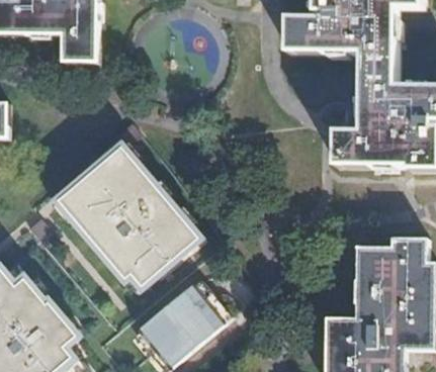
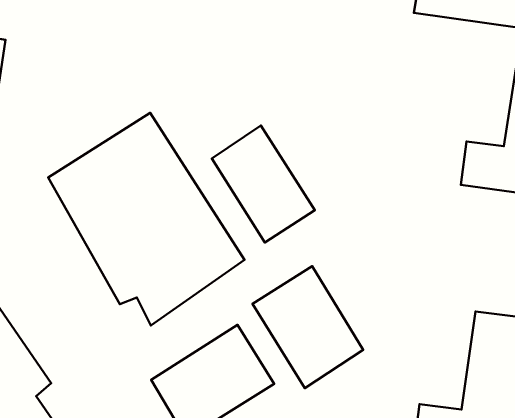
building: none -> [212,126,315,243]
building: none -> [252,266,363,388]

